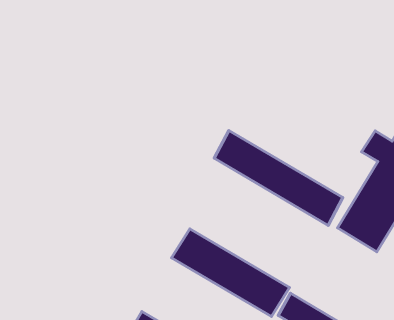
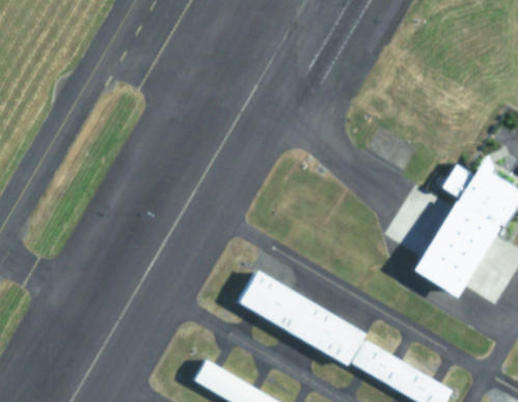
building: [214,130,343,225] -> none

